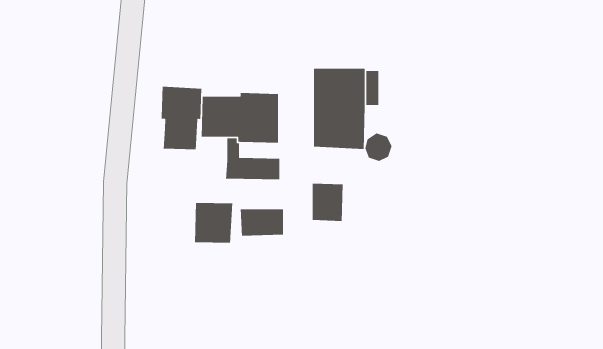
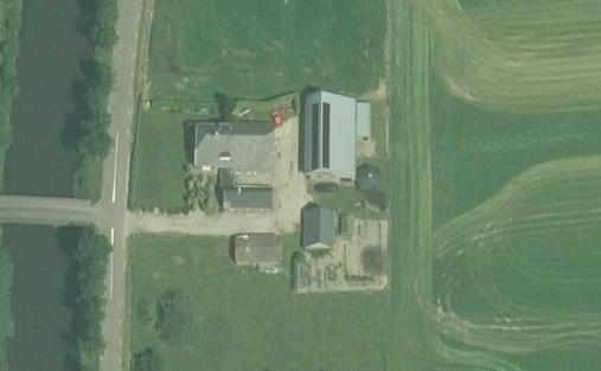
building: [161,86,202,150] -> none
building: [194,202,233,243] -> none

